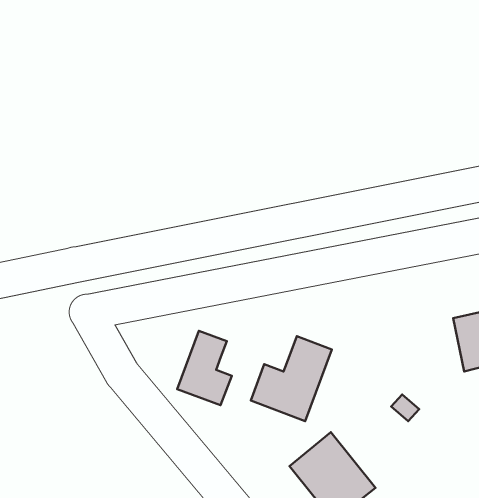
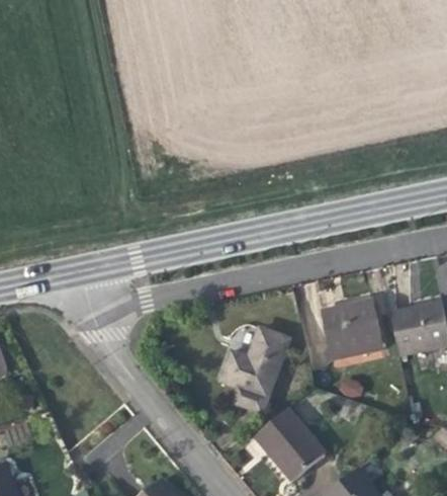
building: none -> [322,298,383,358]
building: [177,331,232,405] -> none

